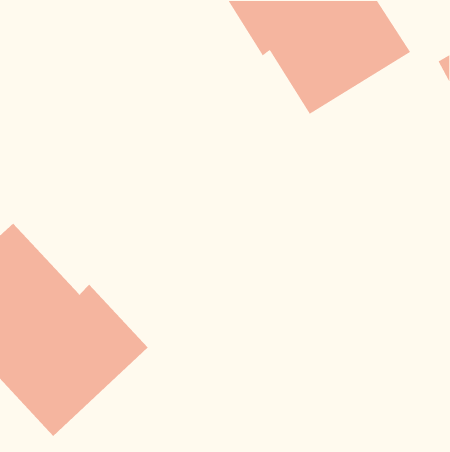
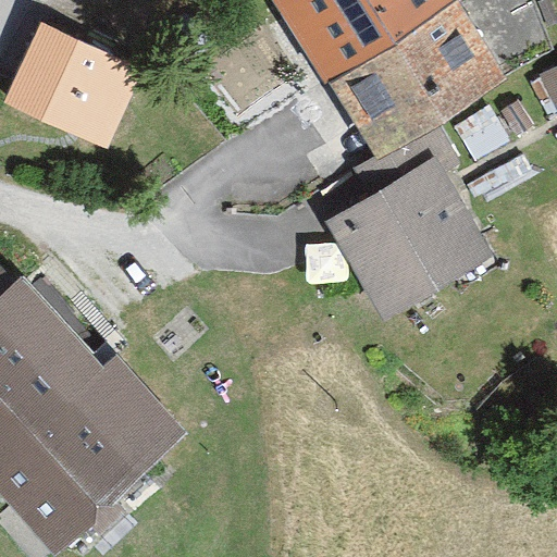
building: none -> [9,25,146,151]
building: none -> [352,180,467,290]

